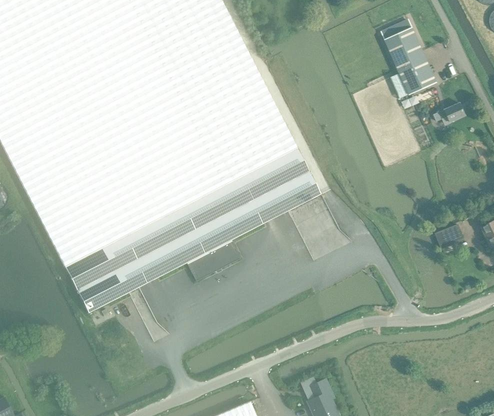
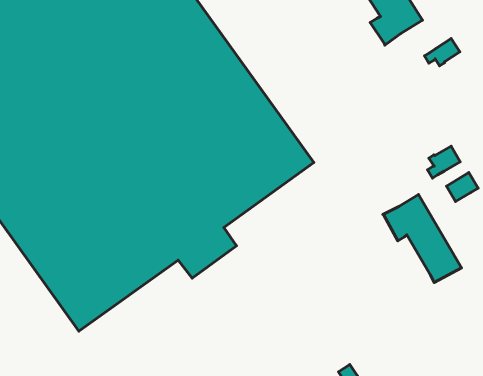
building: none -> [427,146,460,178]
building: none -> [383,195,461,283]

